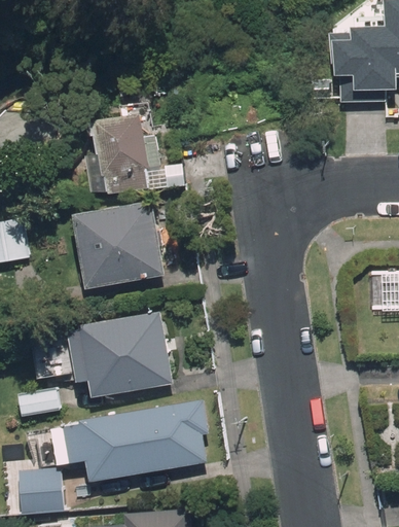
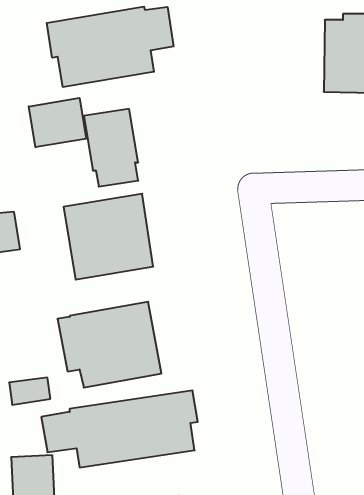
building: none -> [47,7,173,87]
building: none -> [29,98,86,147]

